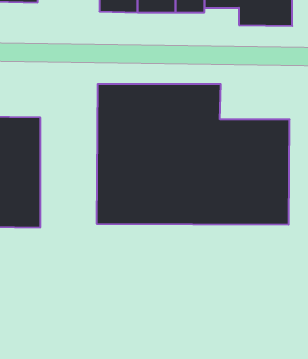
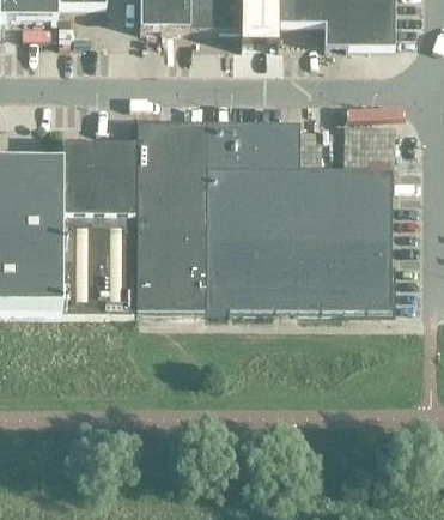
building: none -> [61,143,134,312]

